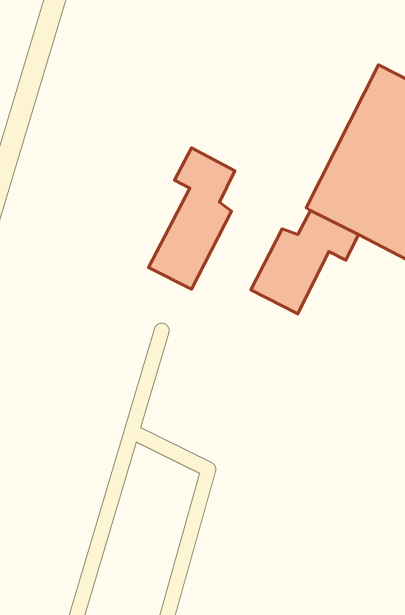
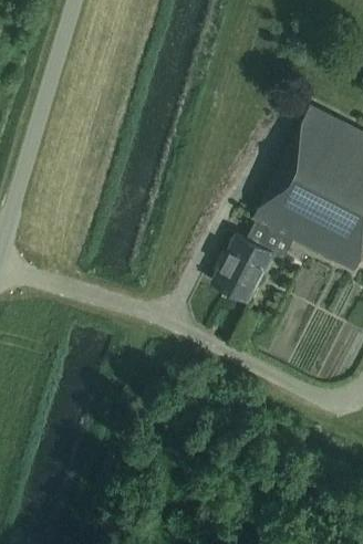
building: [149,148,235,289] -> none

